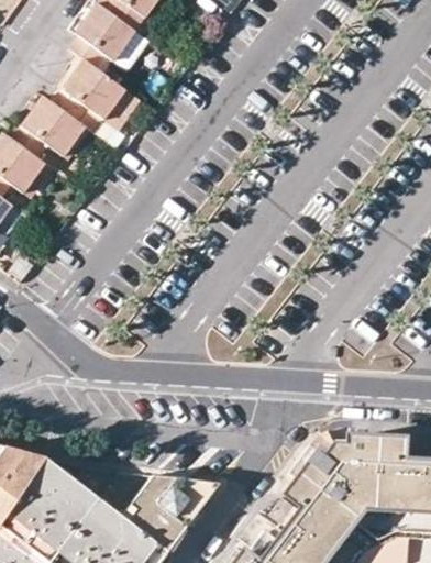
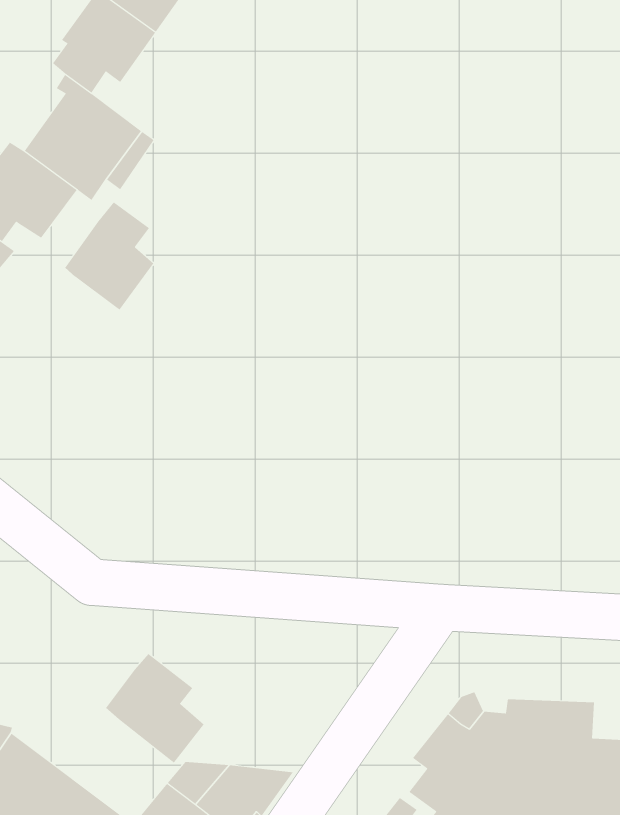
building: none -> [64,202,154,310]
building: none -> [105,653,204,763]

